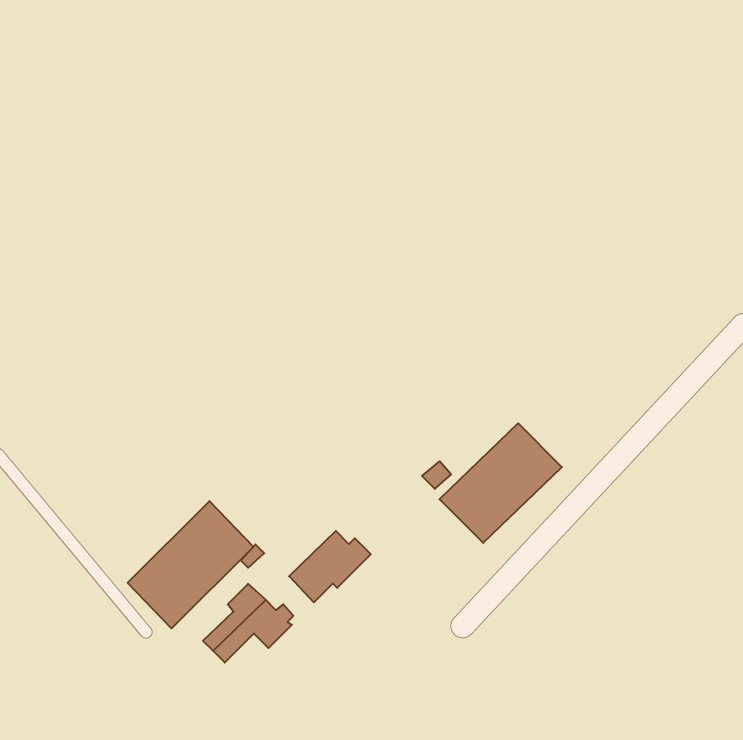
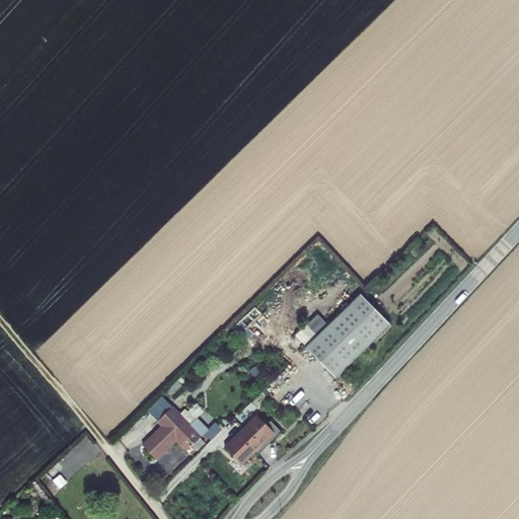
building: [128,501,253,628] -> none
building: [289,531,371,602] -> [224,415,281,464]

